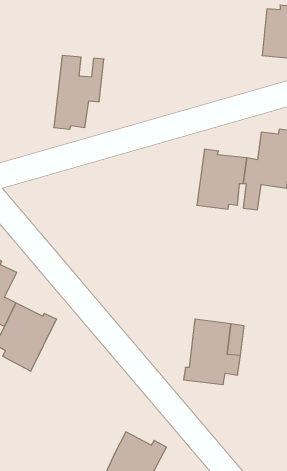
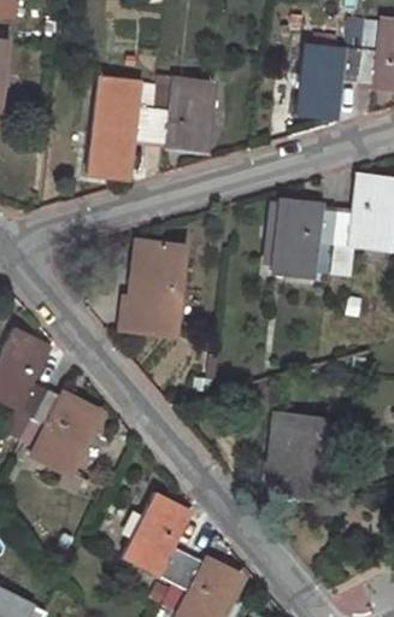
building: none -> [300,18,366,114]
building: none -> [153,72,217,151]
building: none -> [123,242,184,333]
building: none -> [120,496,187,586]

